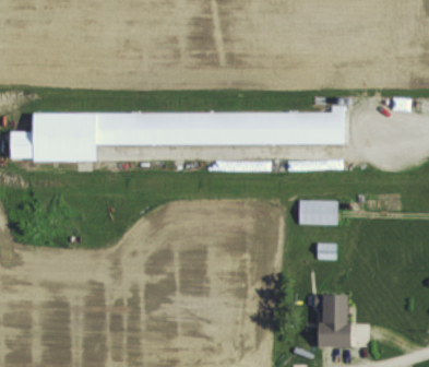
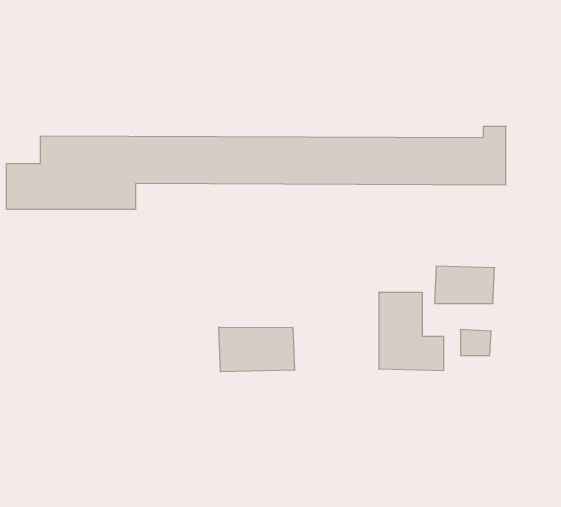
building: none -> [219,327,295,372]
building: [320,293,364,345] -> [379,293,444,370]

